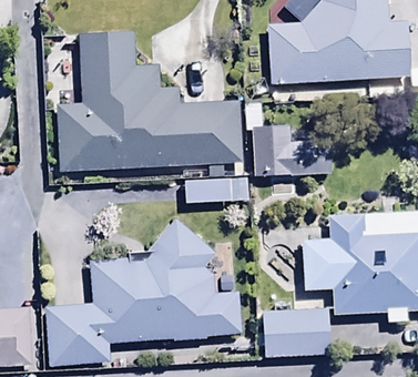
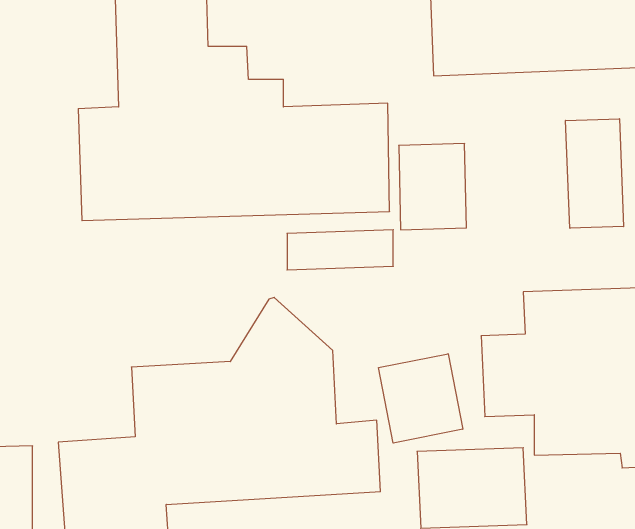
building: none -> [566,119,624,228]
building: none -> [379,354,463,443]

